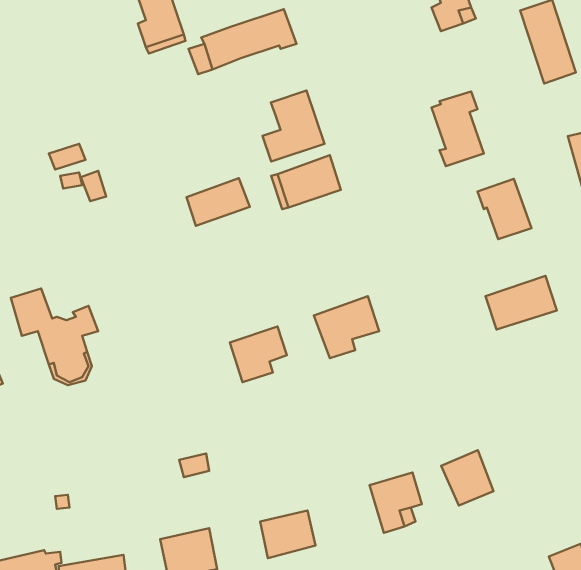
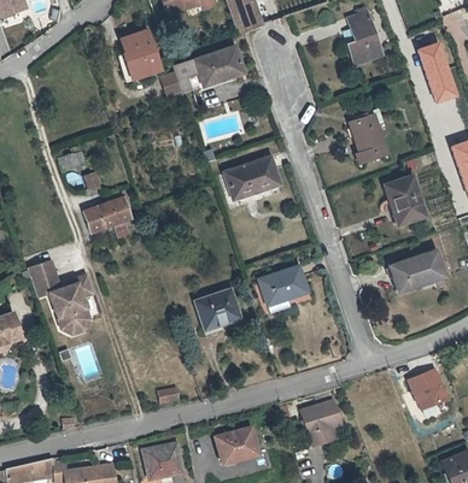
building: [263,91,324,161] -> none
building: [186,178,250,226] -> [84,195,133,231]
building: [441,450,494,506] -> [405,367,445,410]

